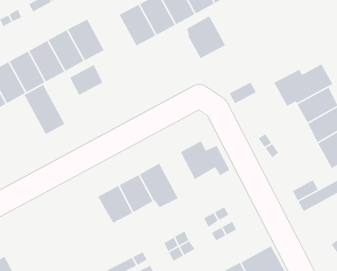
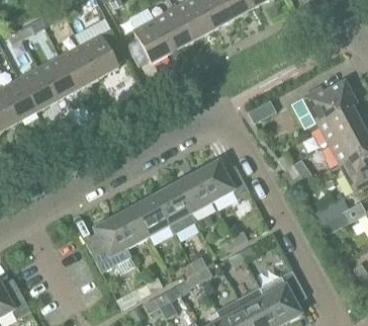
building: [186,15,226,59] -> none
building: [69,64,103,96] -> none
building: [23,84,66,135] -> none
building: none -> [175,172,211,221]
building: none -> [84,219,131,271]

